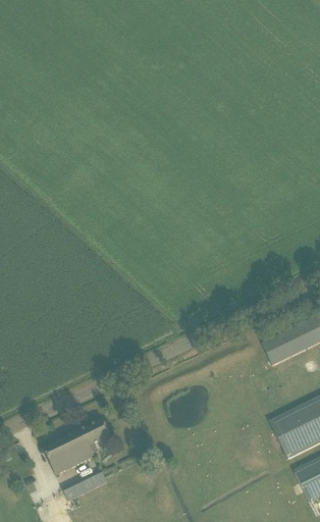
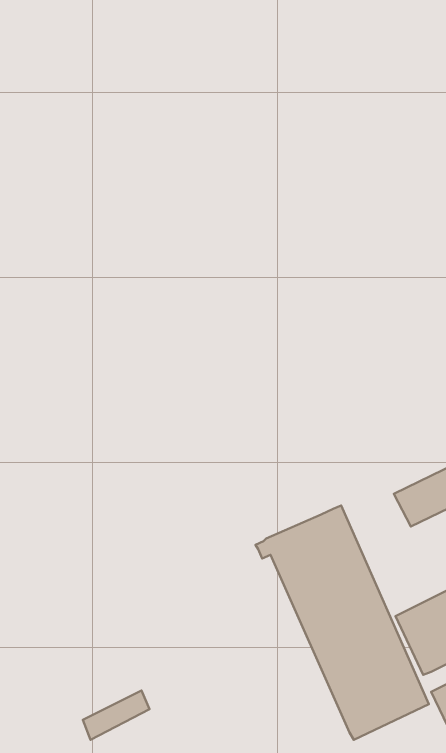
building: none -> [255,505,429,740]
building: [44,420,111,475] -> none

